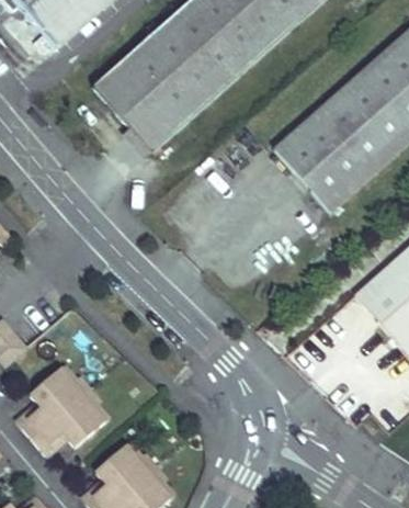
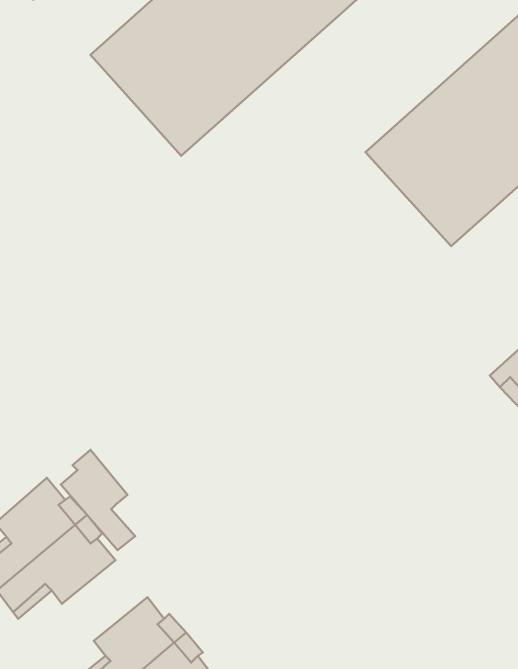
building: none -> [61,450,135,550]

